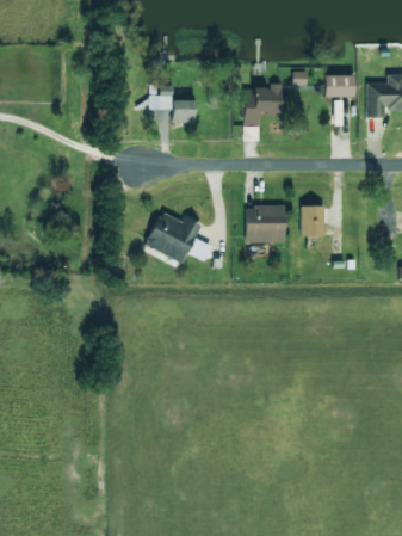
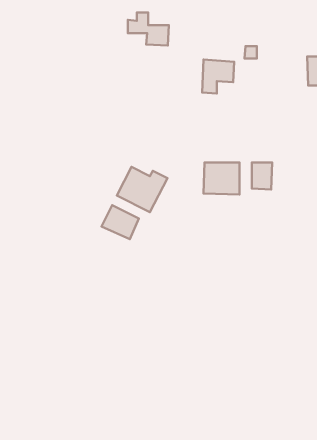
building: [324,75,355,98] -> none
building: [149,86,197,124] -> [128,13,169,46]
building: none -> [102,205,139,239]

